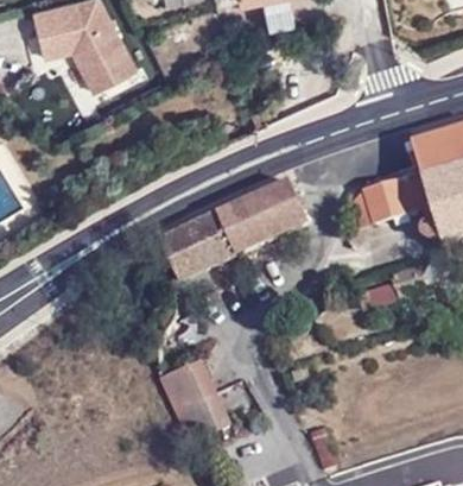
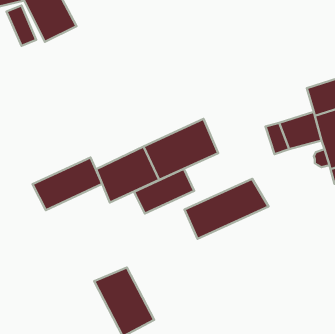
building: none -> [33,157,102,210]
building: none -> [134,169,194,213]
building: none -> [184,179,269,239]

